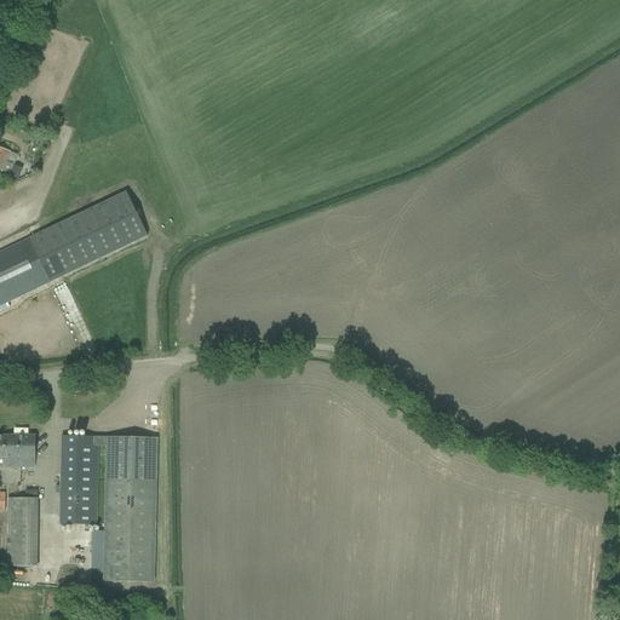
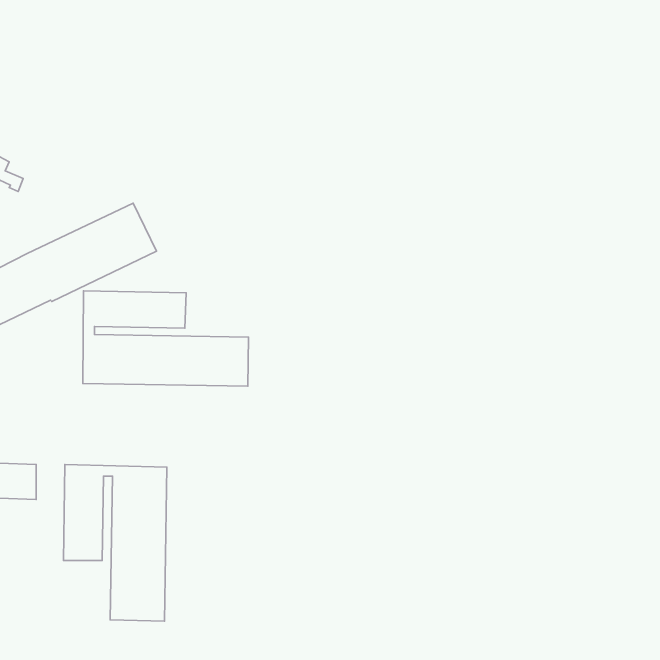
building: none -> [83,291,248,386]
building: [7,498,36,566] -> none

